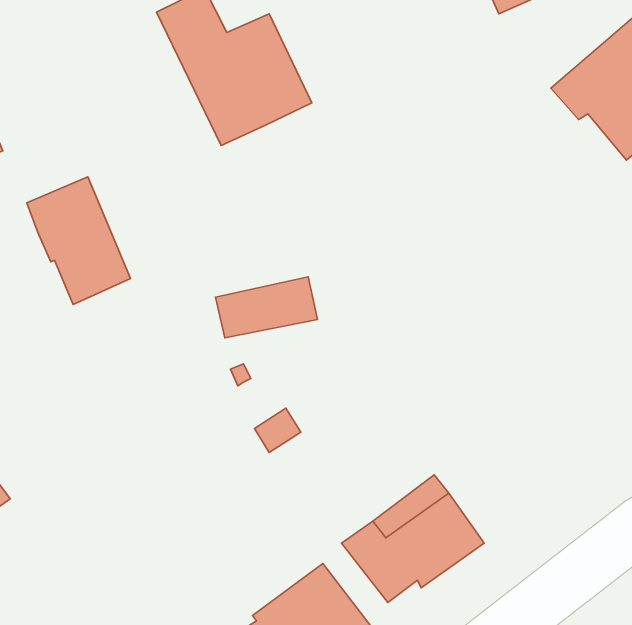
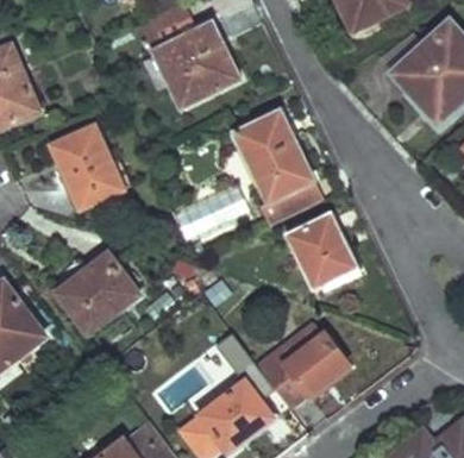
building: none -> [237,112,322,225]
building: none -> [286,215,356,290]
building: none -> [63,262,131,334]

